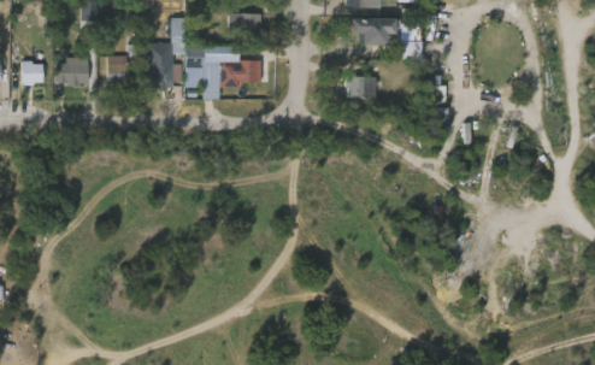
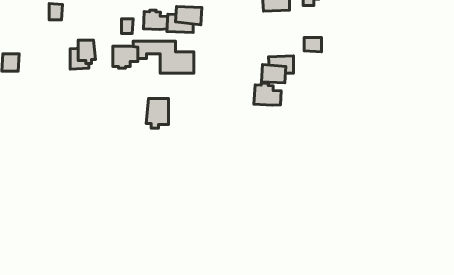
building: none -> [144,10,168,30]
building: [354,16,397,41] -> none
building: [59,54,92,93] -> none
building: none -> [254,83,281,105]
building: none -> [146,98,169,128]

